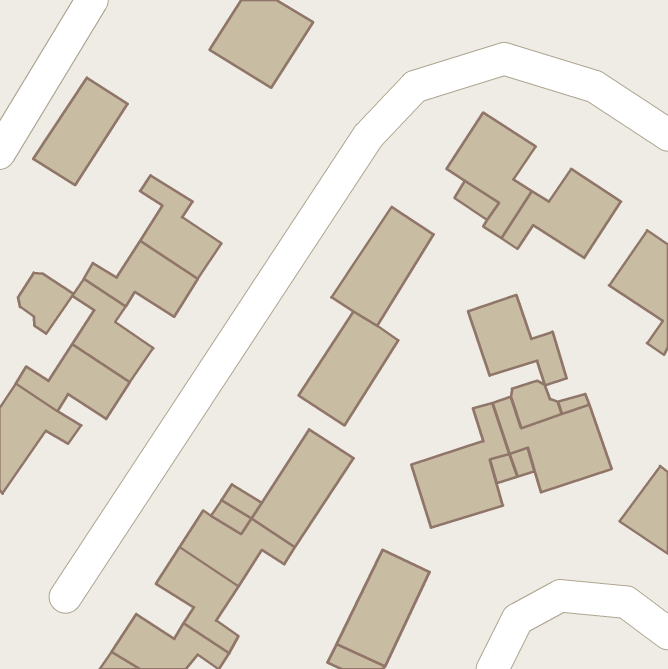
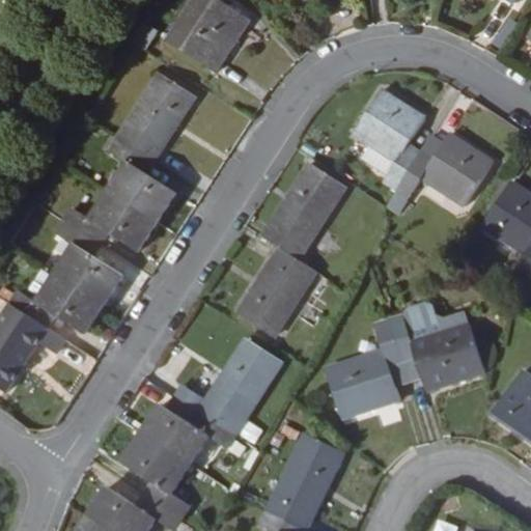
building: [33,78,128,185] -> [119,75,194,160]
building: [18,273,73,334] -> none
building: [468,295,567,386] -> none

